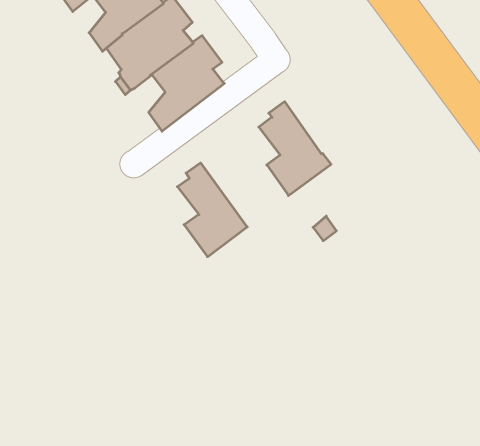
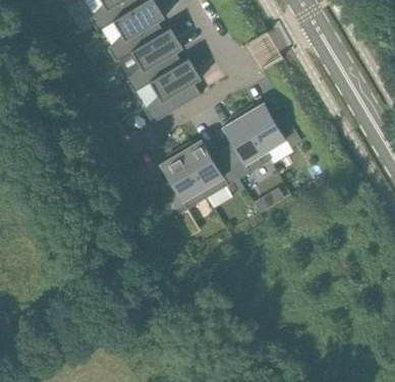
building: none -> [242,104,301,152]
building: none -> [178,141,238,199]

